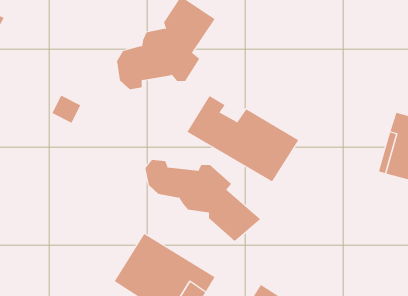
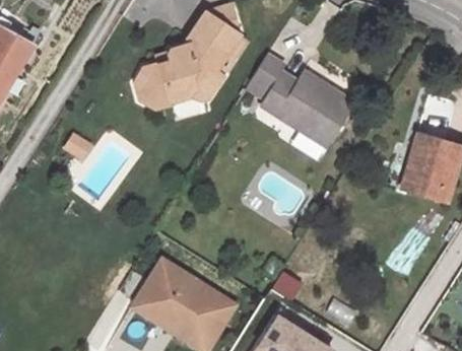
building: [187,95,299,182] -> [243,58,354,144]
building: [145,159,261,242] -> none

